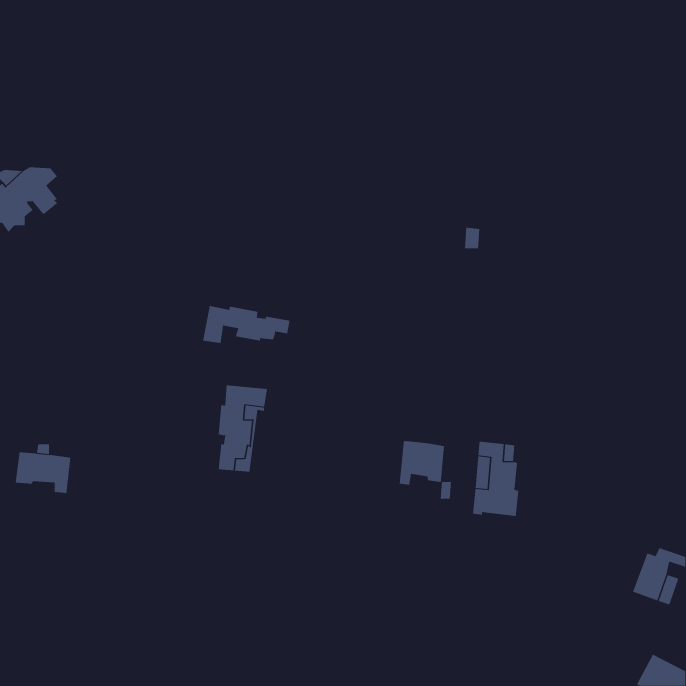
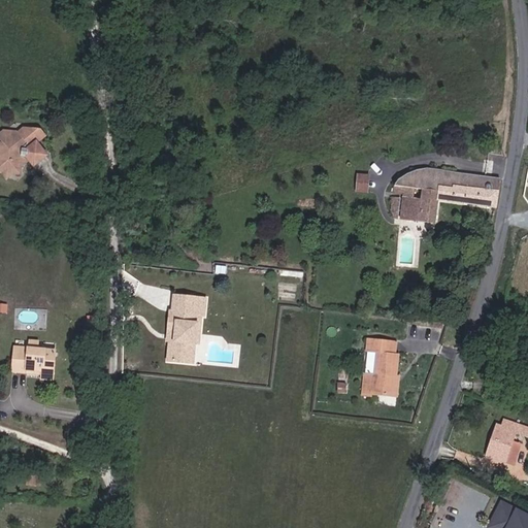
building: none -> [392,167,499,223]
building: [203,305,290,344] -> none
building: [399,440,444,486] -> none

